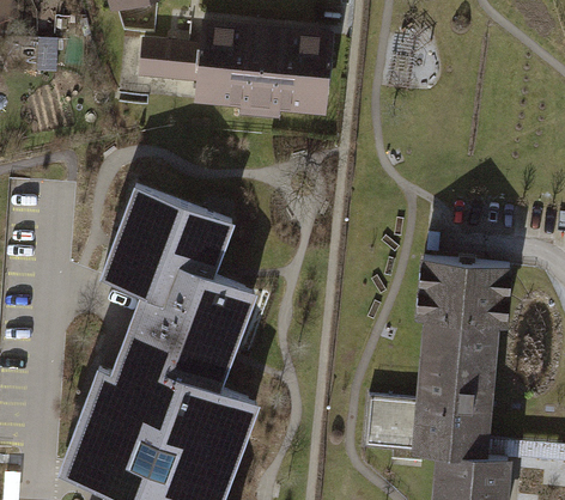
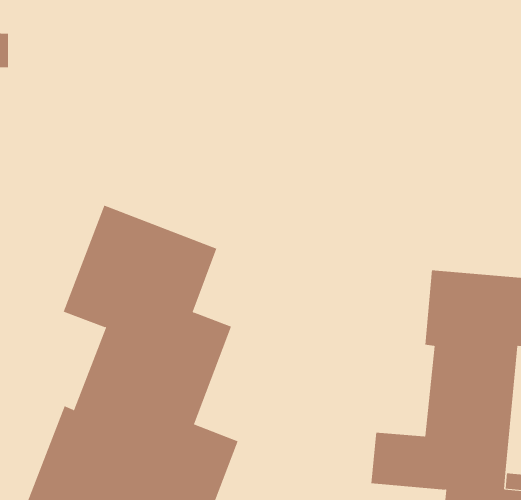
building: [146,17,338,115] -> none

